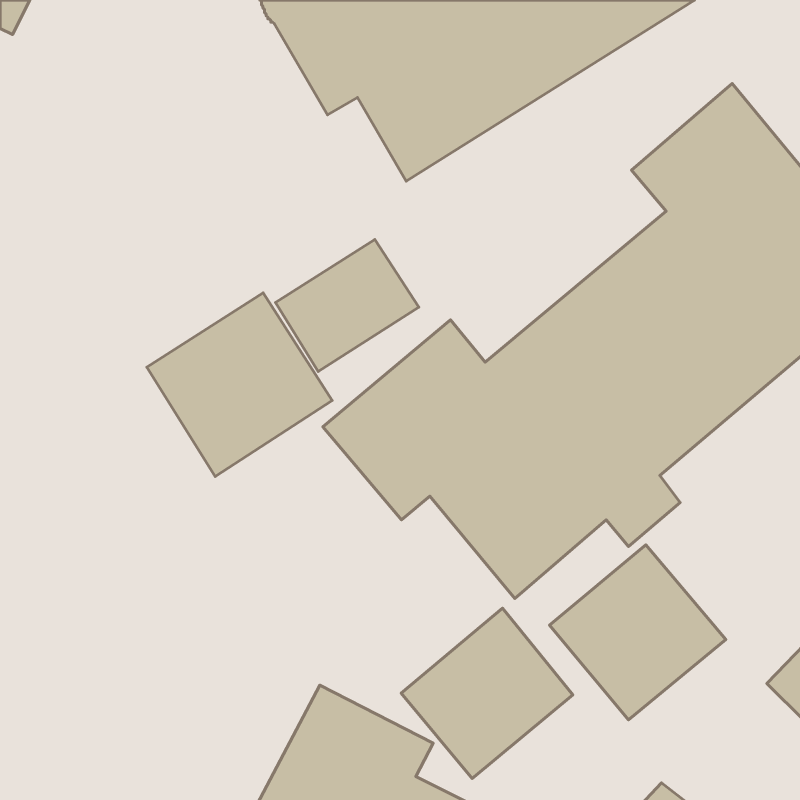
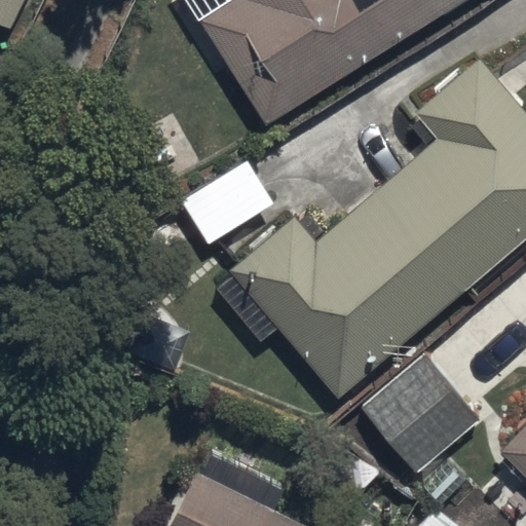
building: [147,293,332,476] -> none
building: [401,608,573,778] -> none

